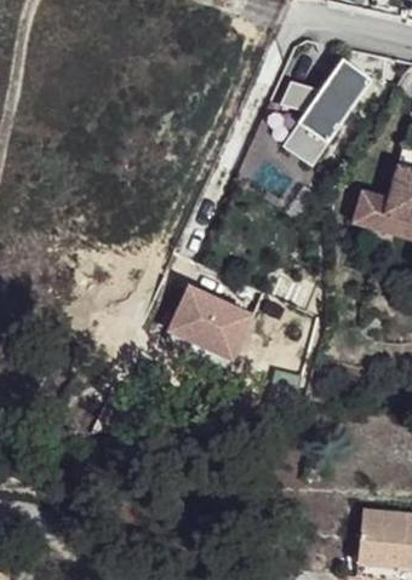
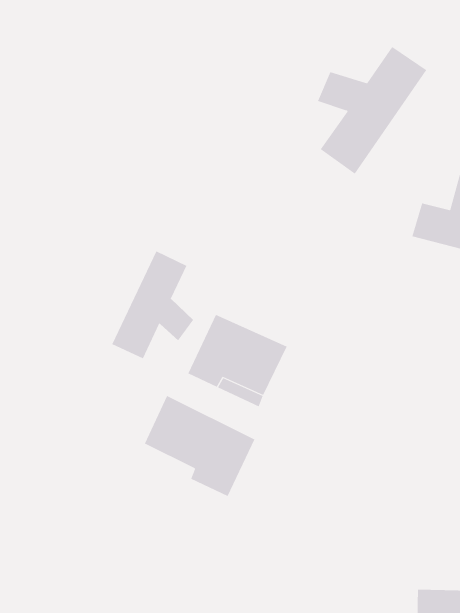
building: none -> [111,250,194,359]
building: none -> [144,395,255,497]

